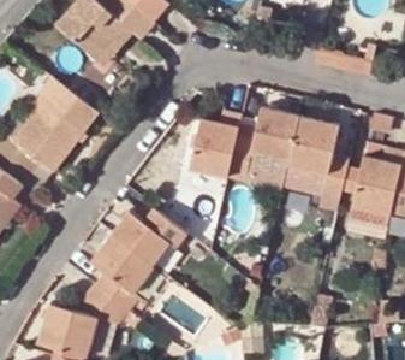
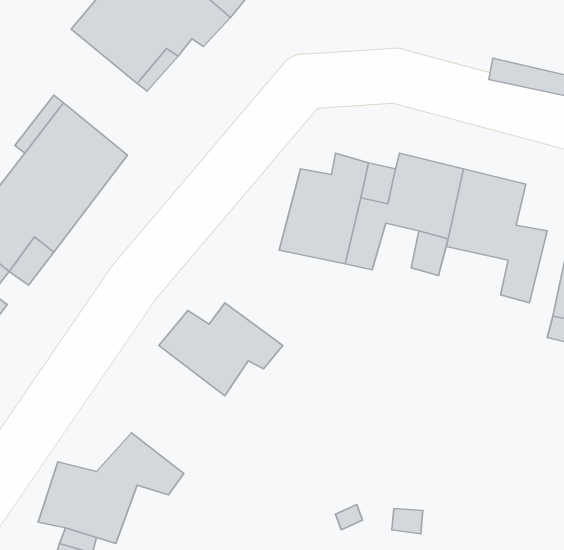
building: [90,231,155,311] -> none

